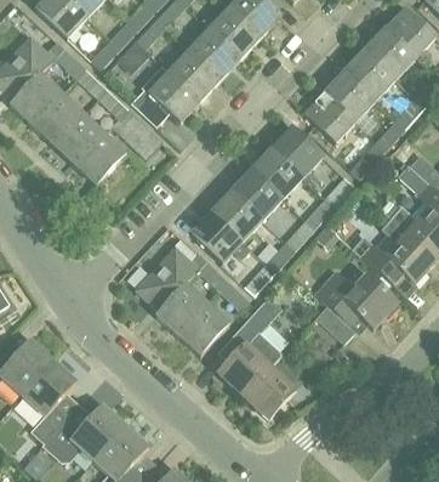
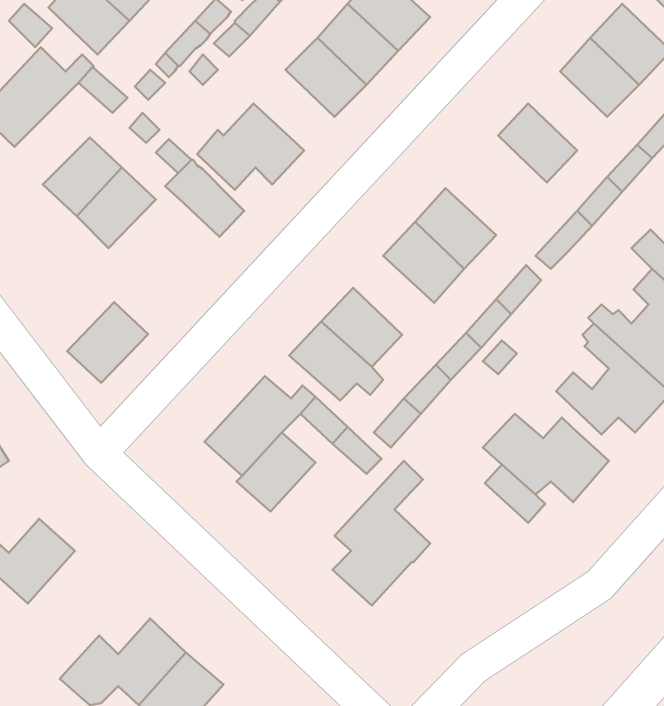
building: [167,49,220,101] -> none
building: [344,50,395,101] -> none
building: [10,72,62,123] -> none
building: [304,91,357,143] -> none
building: [74,132,126,185] -> [67,302,148,383]
building: [232,169,284,220] -> none
building: [178,302,230,355] -> none
building: [22,359,75,441] -> none
building: [244,367,295,419] -> none

